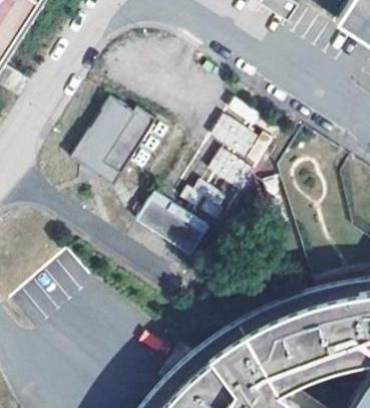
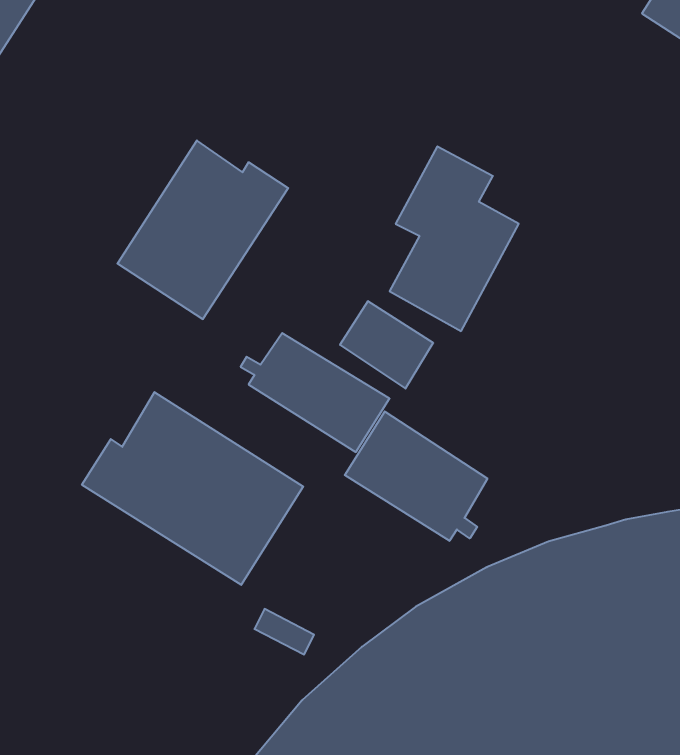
building: none -> [82,392,303,585]
building: none -> [345,411,487,541]

